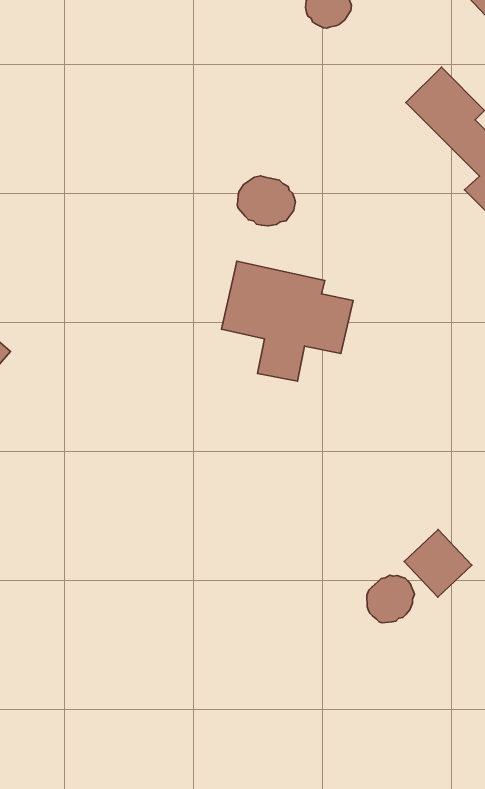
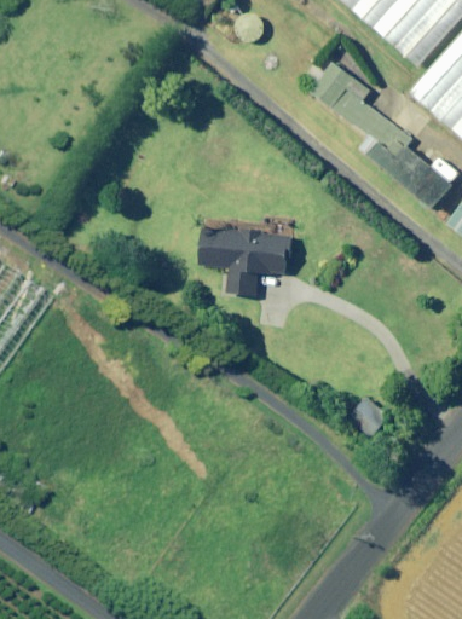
building: [237,176,296,226] -> none
building: [367,575,415,623] -> none

